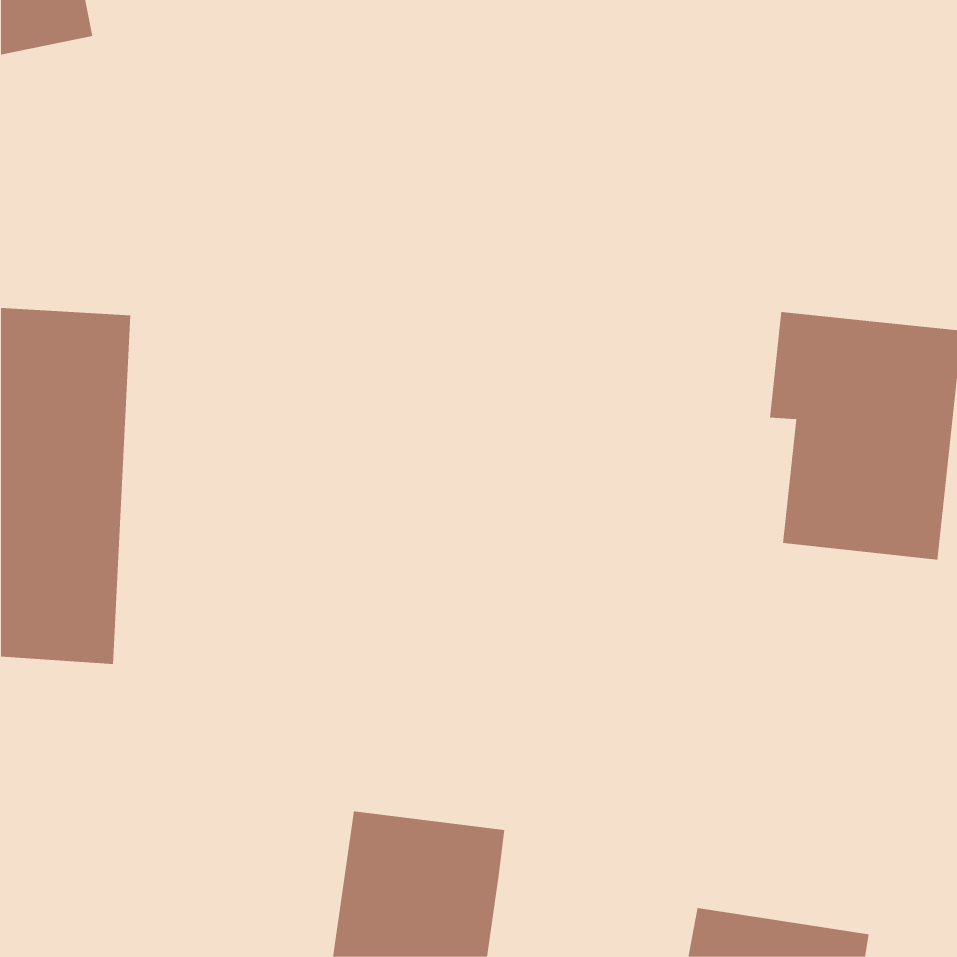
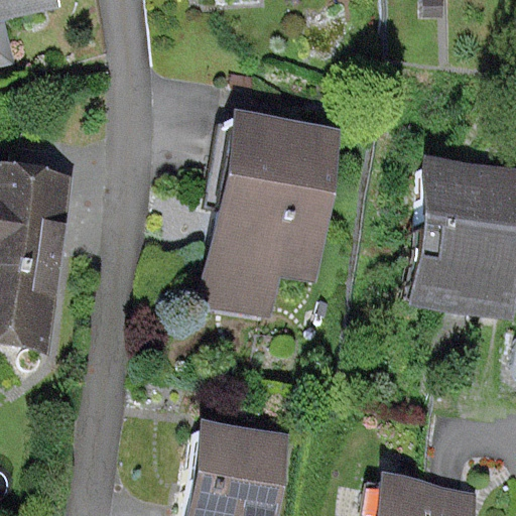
building: none -> [211,123,325,280]

